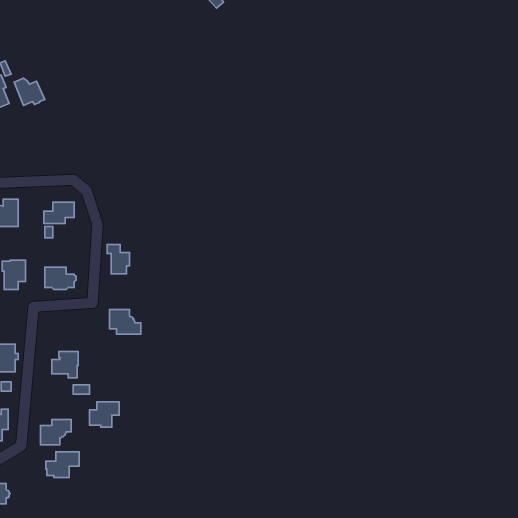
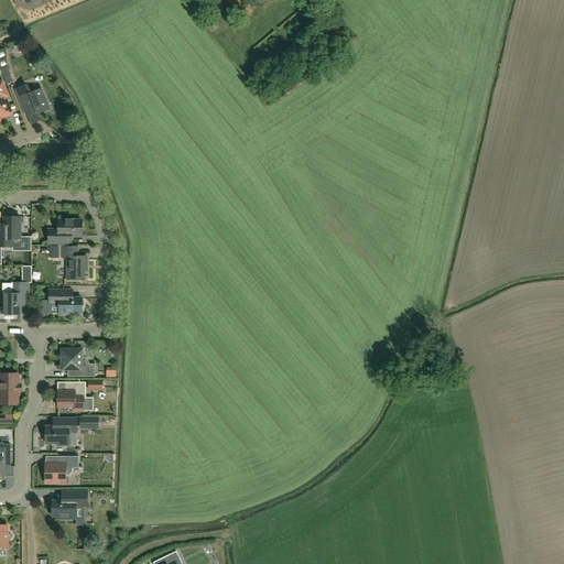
building: [107,244,129,274] -> [62,247,86,279]
building: [109,310,141,334] -> [61,349,95,376]
building: [90,402,119,427] -> [44,417,76,445]

